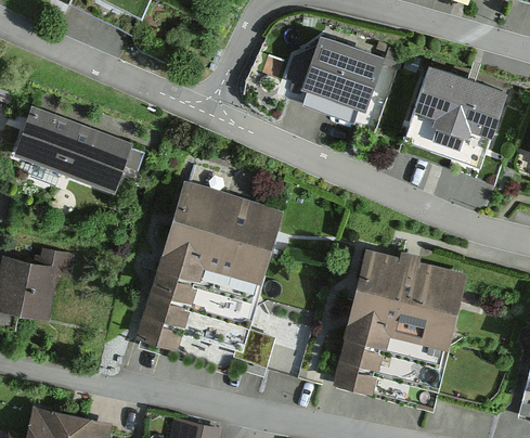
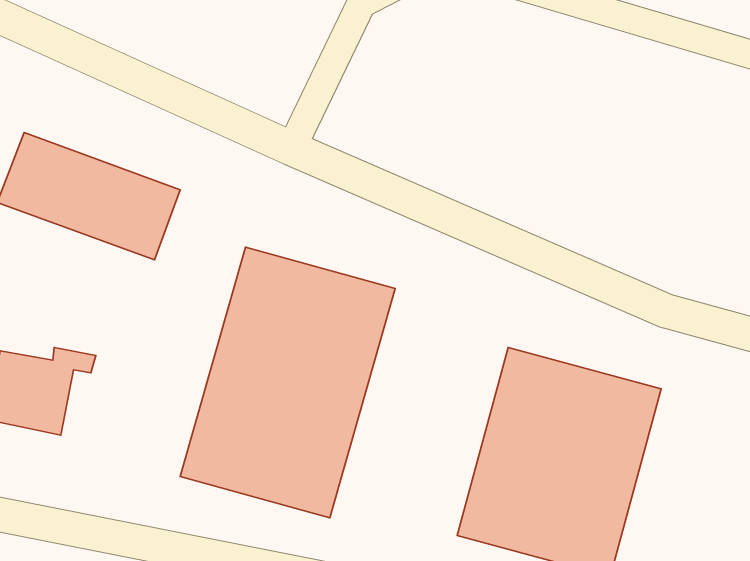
building: [281,35,387,125] -> none
building: [406,64,508,165] -> none

